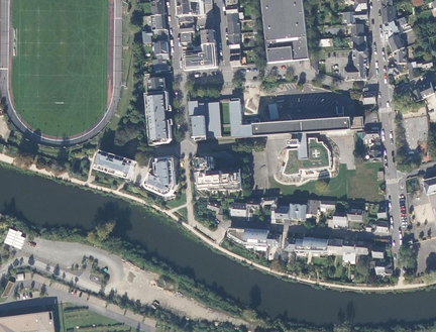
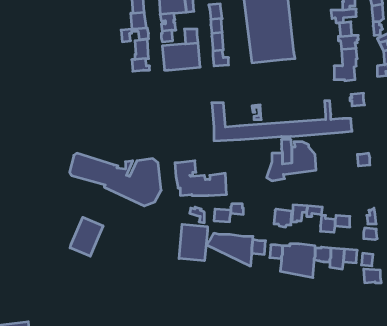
building: [147,76,172,142] -> none
building: [187,100,220,140] -> none
building: none -> [70,217,103,256]
building: none -> [179,224,207,261]

